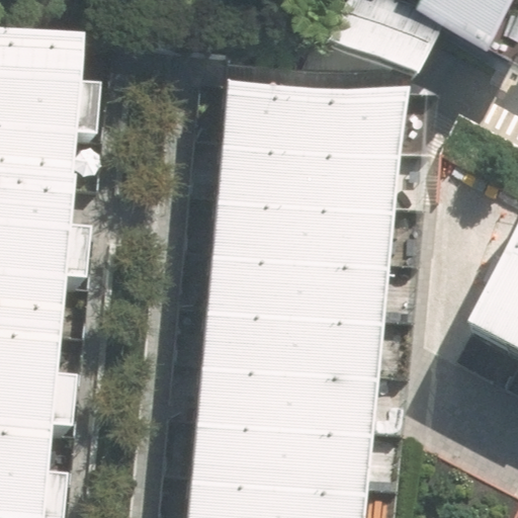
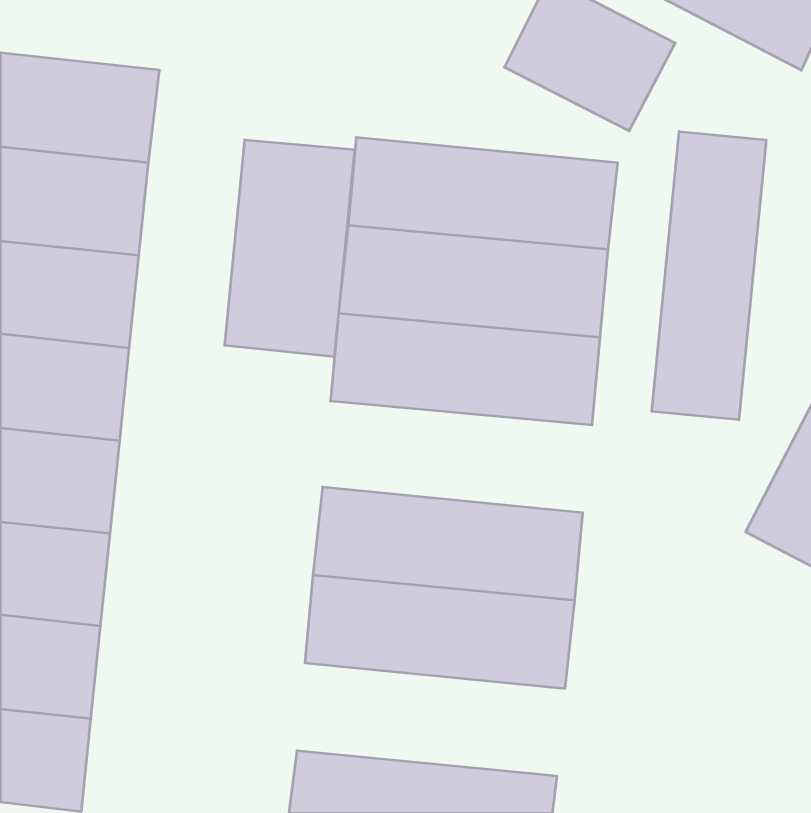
building: none -> [652,131,766,420]
building: none -> [225,140,354,357]
building: [207,254,378,325] -> none
building: [191,420,361,492] -> none

